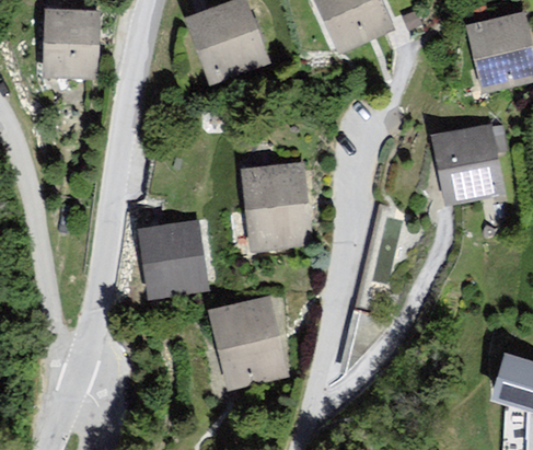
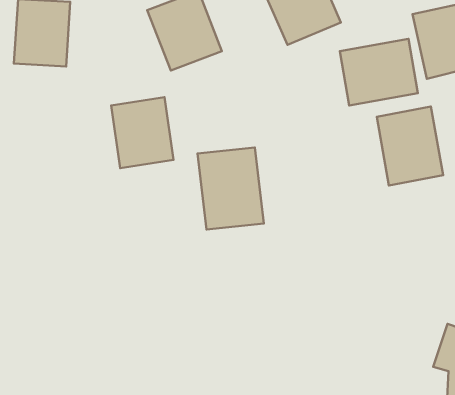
building: none -> [340,39,418,106]
building: [141,222,208,298] -> [111,97,174,168]
building: [206,298,286,390] -> none

